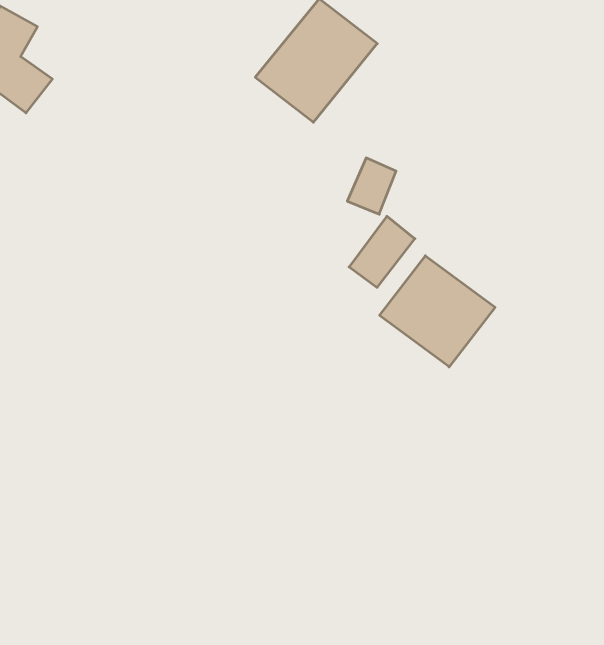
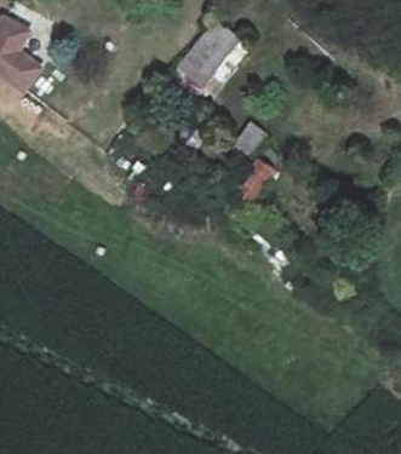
building: [380,256,495,367] -> none

